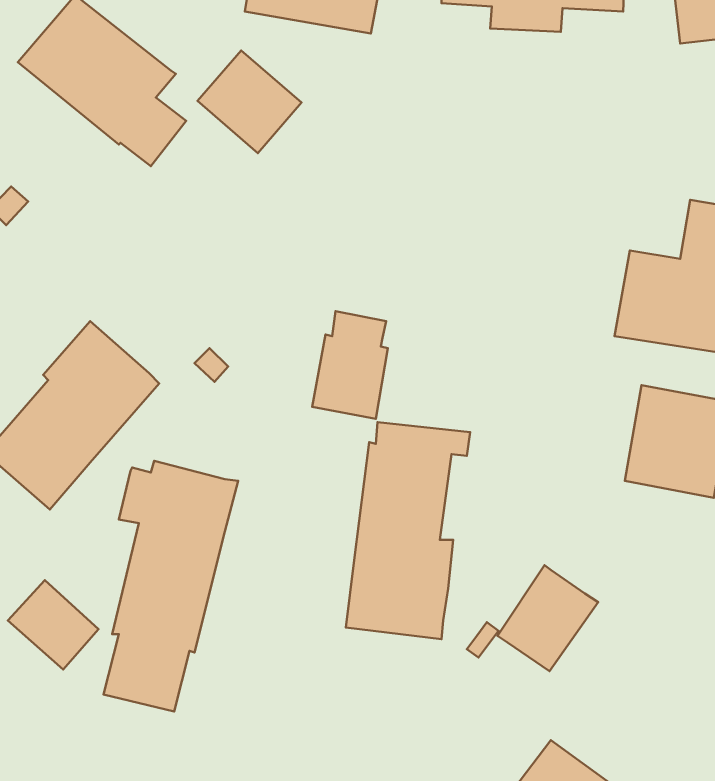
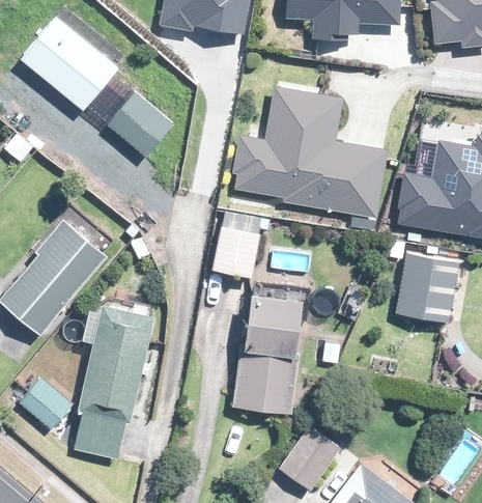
building: [197,50,302,153] -> [111,90,175,153]
building: none -> [231,87,387,232]
building: [497,565,598,671] -> [274,422,336,487]

